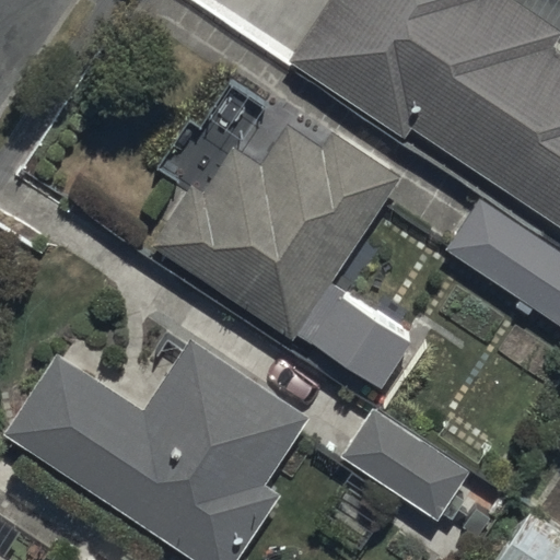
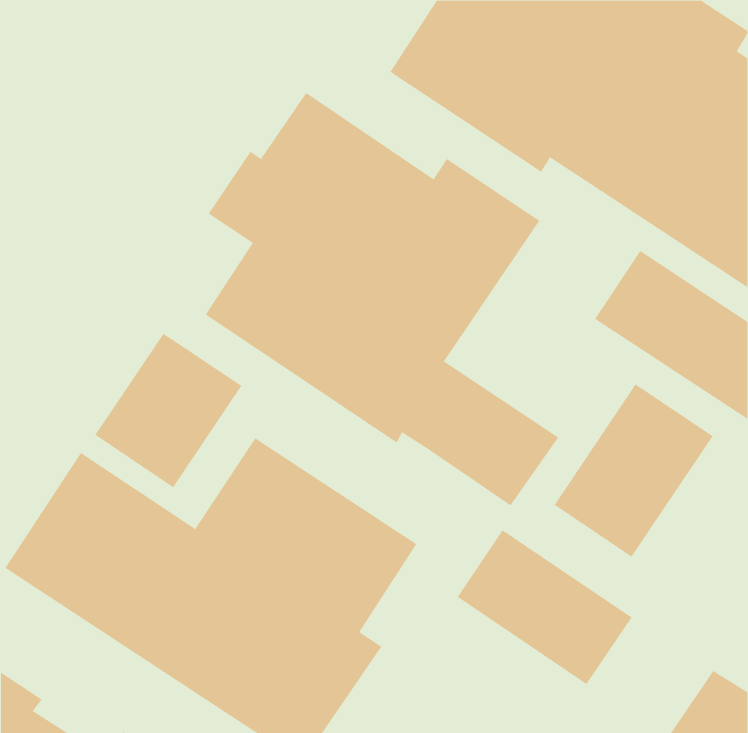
building: none -> [95,333,242,488]
building: none -> [554,384,713,558]

